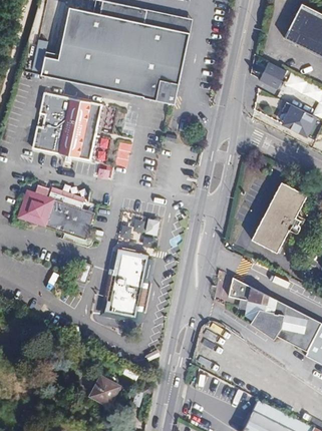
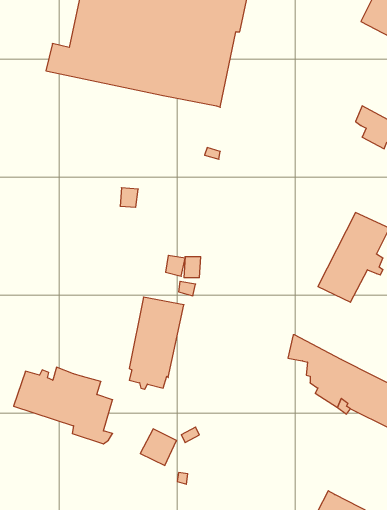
building: [261,60,289,87] -> none
building: [32,92,102,160] -> none
building: [18,187,94,247] -> [14,367,113,444]
building: [90,377,118,405] -> [140,429,177,465]

